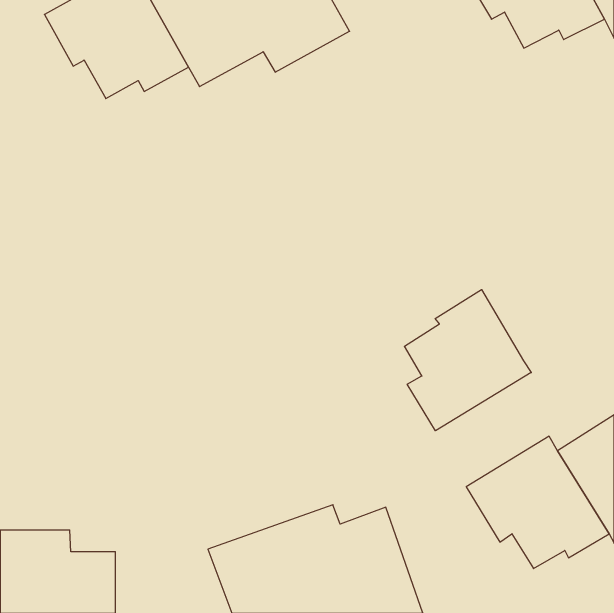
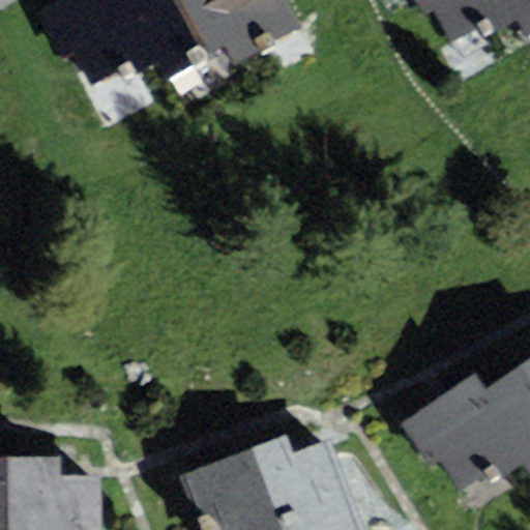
building: [404,290,531,431] -> none

